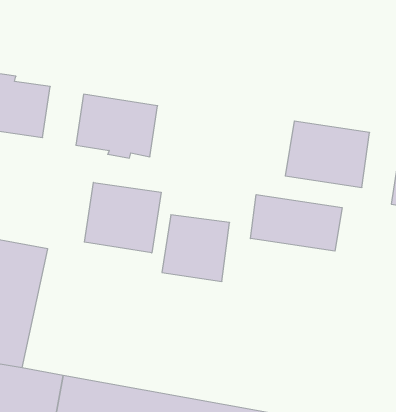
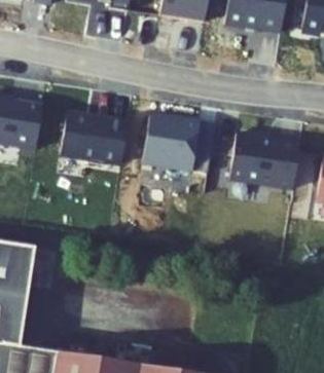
building: [84,182,161,253] -> none
building: [250,195,342,251] -> none
building: [162,215,230,281] -> [144,118,199,172]

